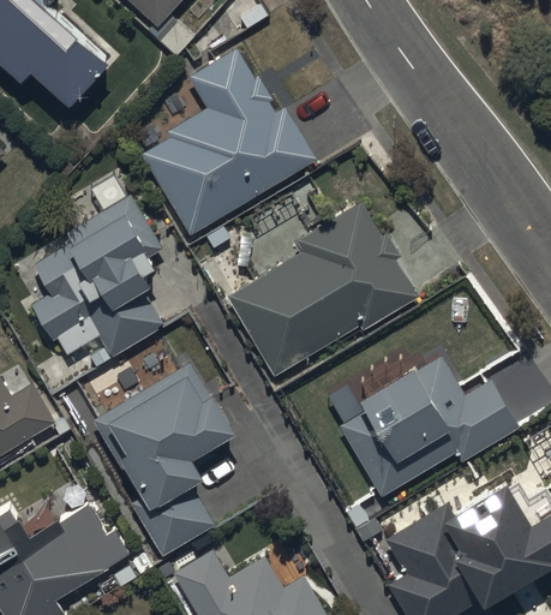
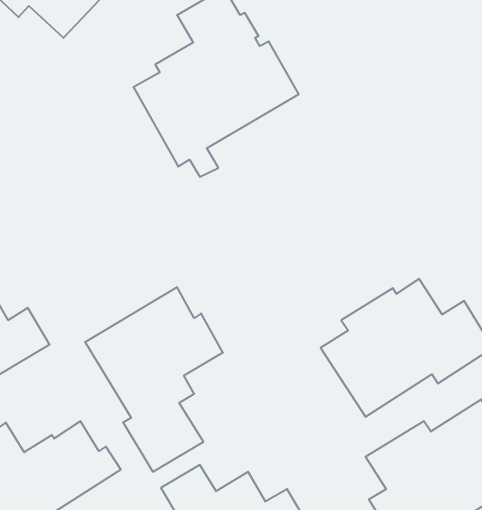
building: [31,196,164,356] -> none
building: [228,203,419,375] -> none

